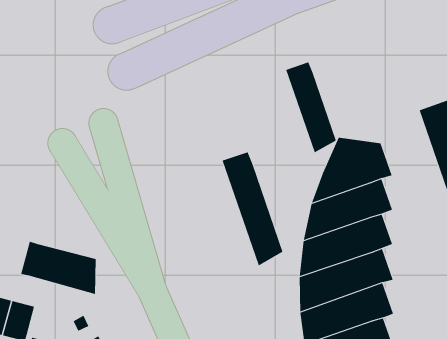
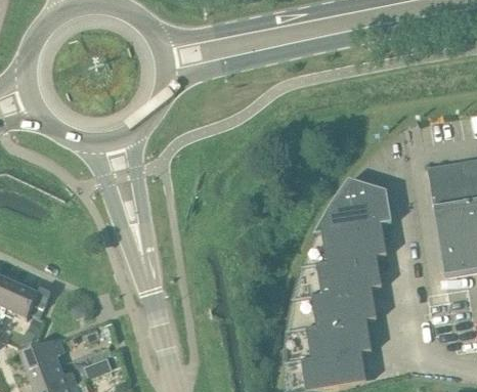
building: [285,62,337,153] -> none
building: [222,152,283,266] -> none
building: [20,241,96,295] -> none

